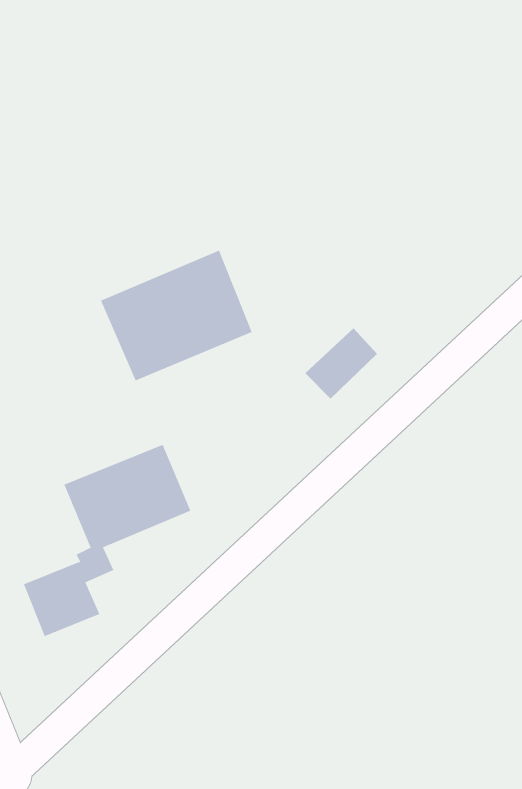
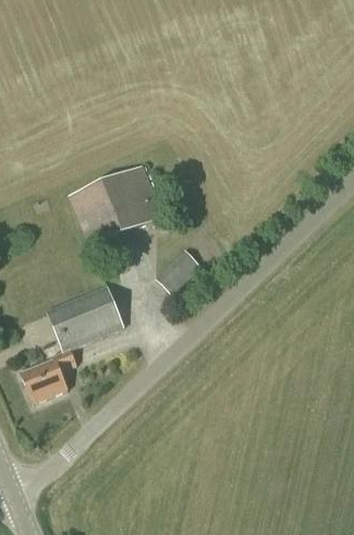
building: [304,328,378,399] -> [155,250,200,294]

